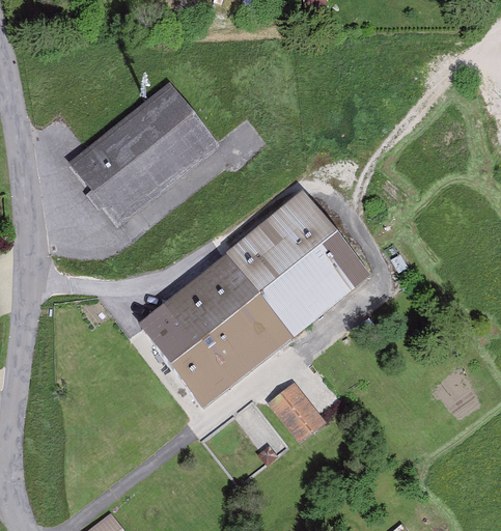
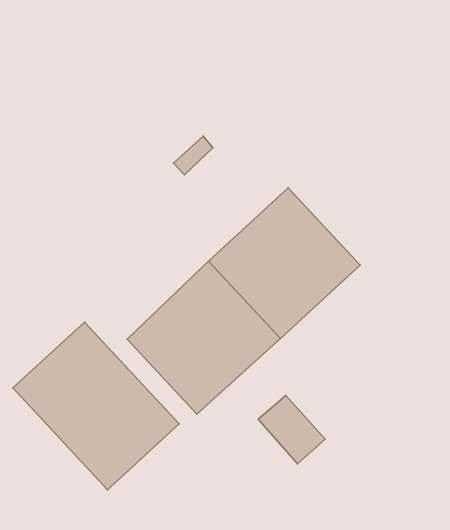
building: [69,85,218,223] -> none
building: none -> [13,322,179,490]

